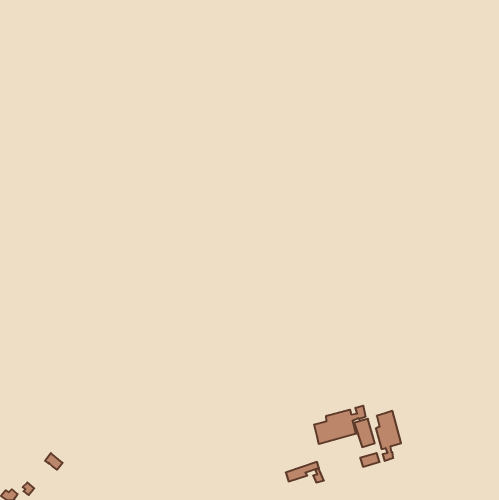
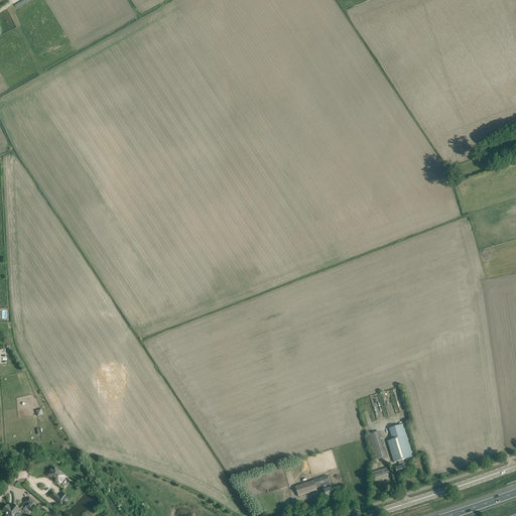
building: [314,406,366,444] -> none

